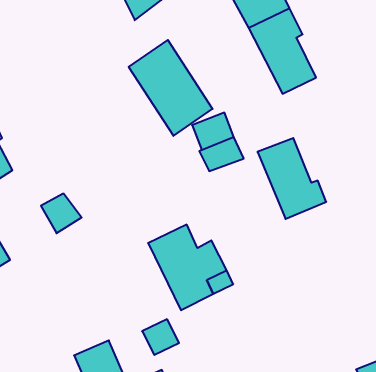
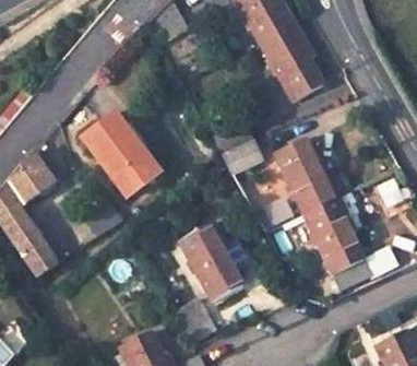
building: [129,40,213,136] -> [82,110,159,197]
building: none -> [302,194,371,287]

